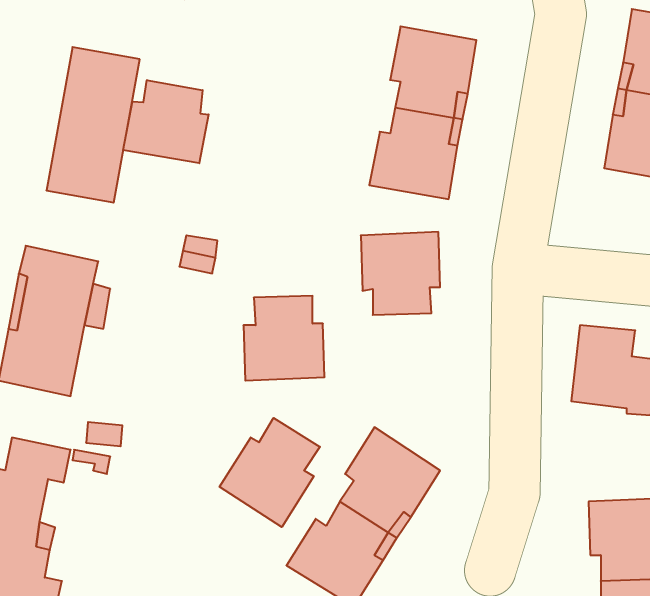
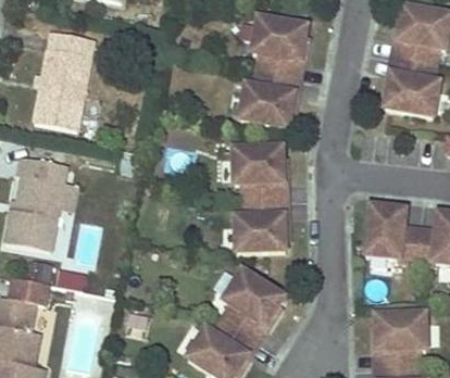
building: [123,80,209,163] -> none
building: [243,296,325,381] -> [235,198,286,251]
building: [220,418,320,527] -> none

